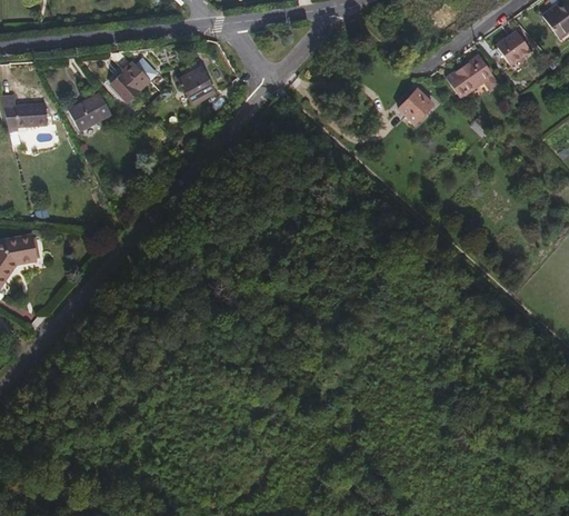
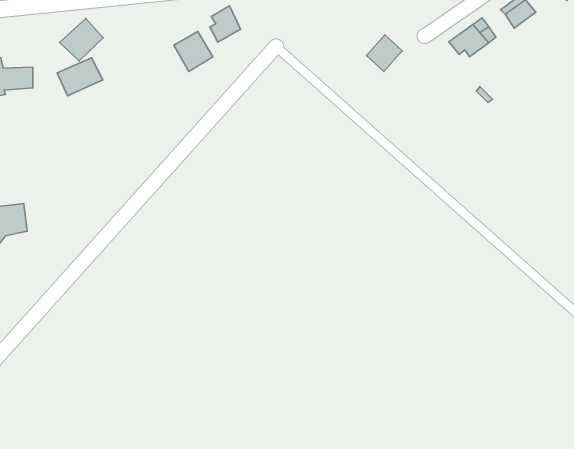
building: none -> [210,6,241,42]
building: [110,62,152,103] -> [60,18,103,61]
building: [399,89,433,125] -> [367,35,402,72]

